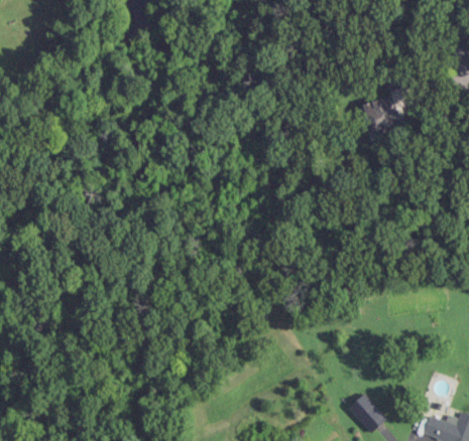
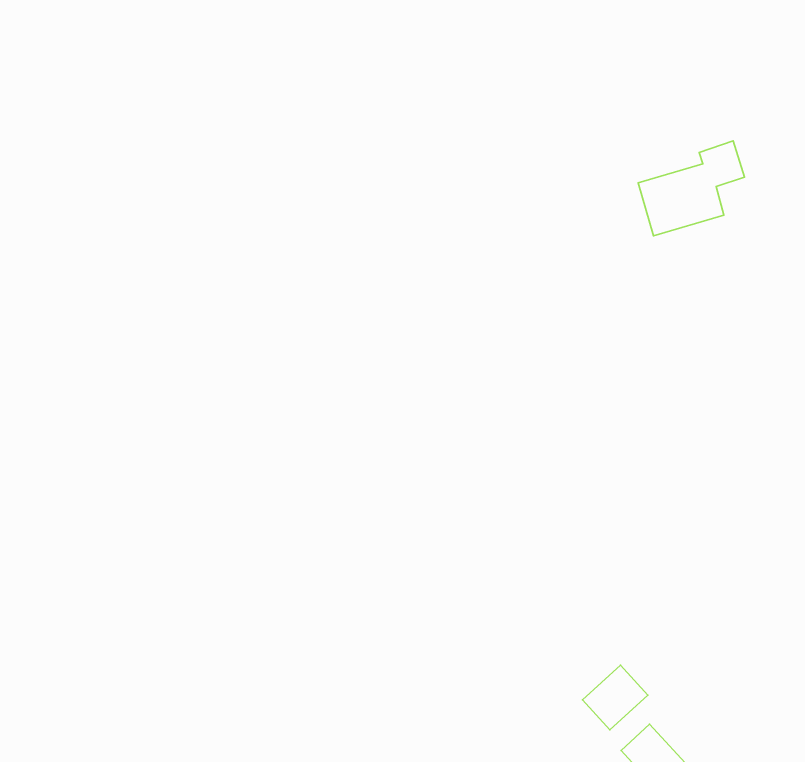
building: none -> [582,665,648,730]

